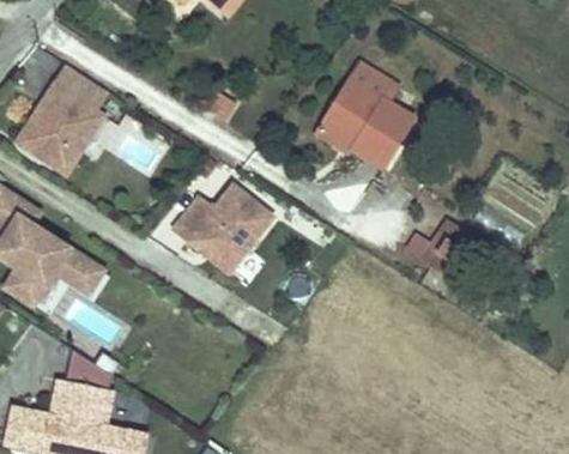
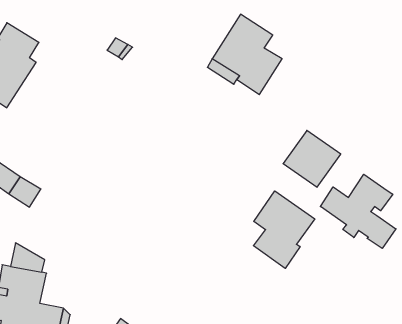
building: [175,178,274,267] -> none
building: none -> [320,174,396,248]
building: none -> [253,191,315,268]

